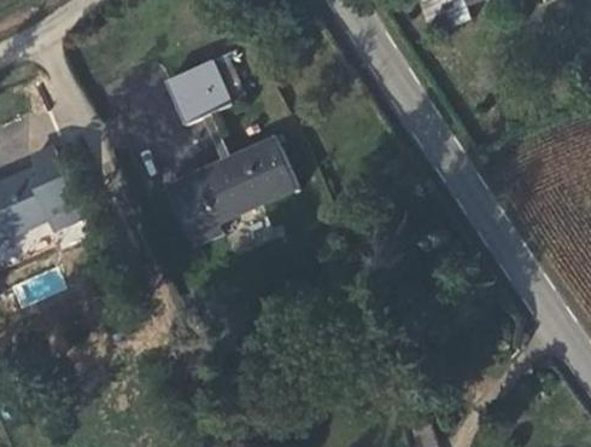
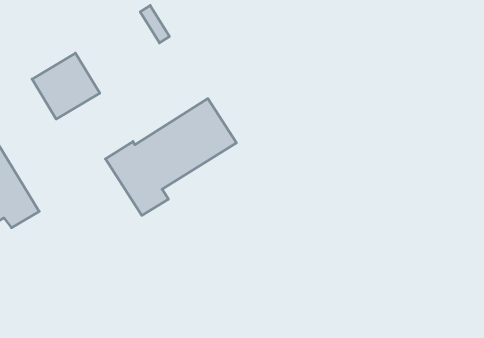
building: [168,59,233,122] -> [32,53,100,119]

